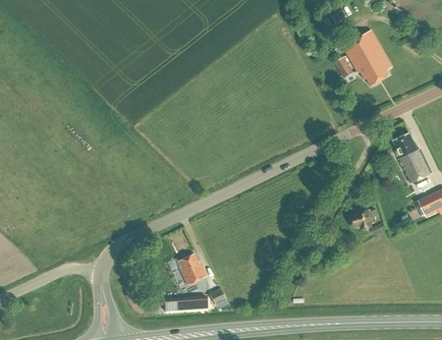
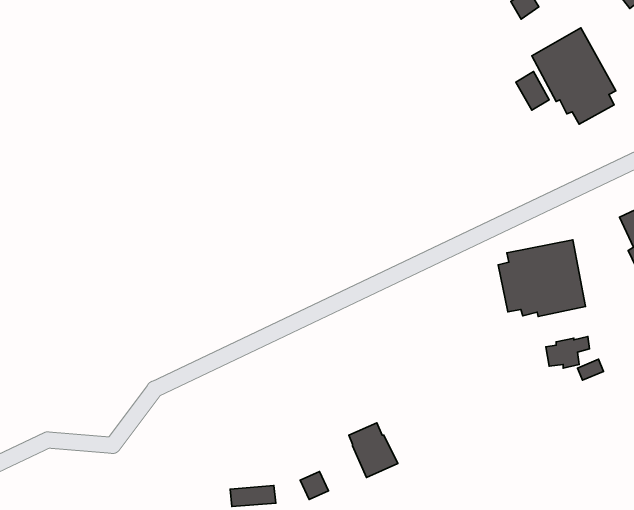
building: none -> [498,240,585,317]
building: [177,253,206,285] -> [349,423,398,477]

